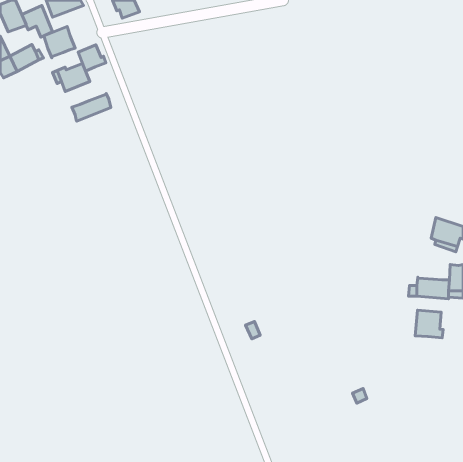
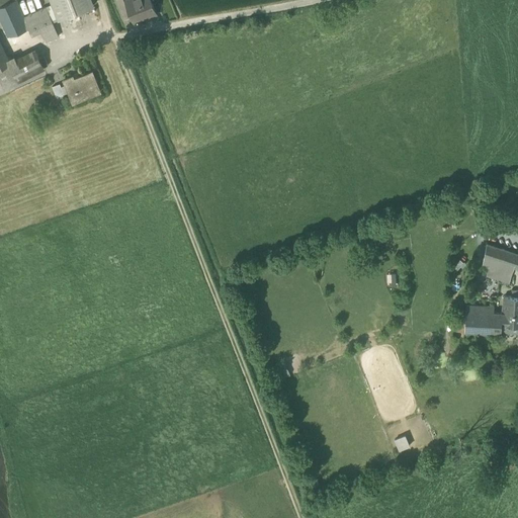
building: [44,26,75,58] -> none
building: [78,45,106,71] -> none
building: [72,93,111,121] -> none
building: [415,310,443,338] -> none

